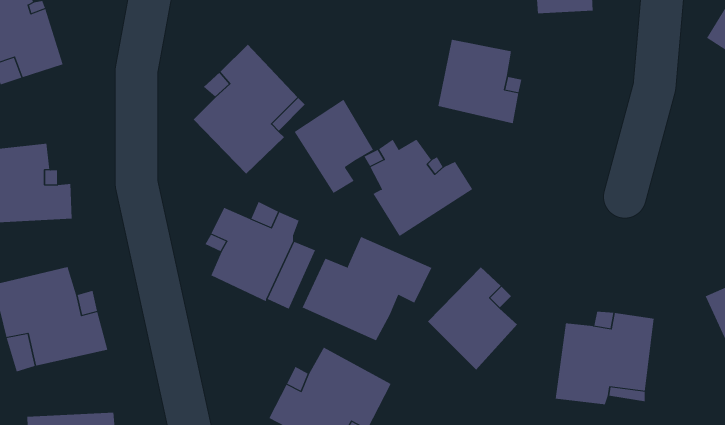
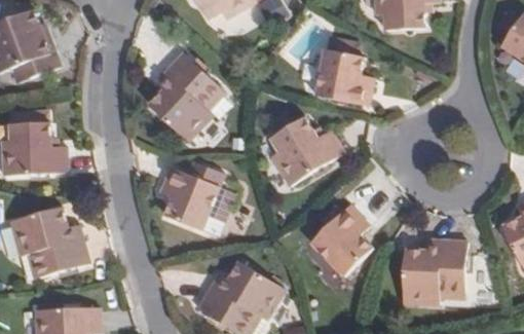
building: [294,99,374,194] -> none
building: [302,236,432,341] -> none

